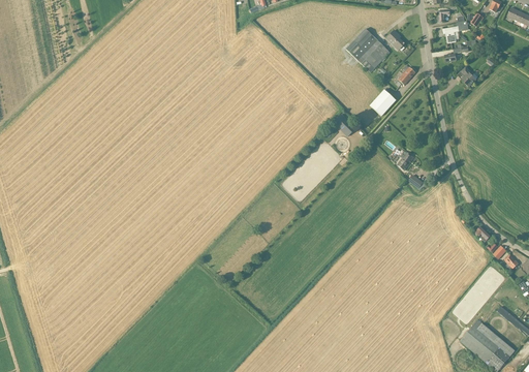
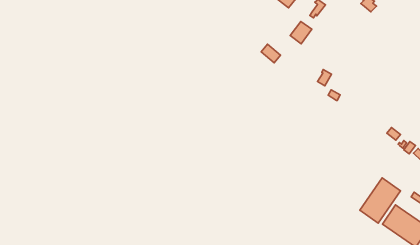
building: none -> [360,178,401,223]

